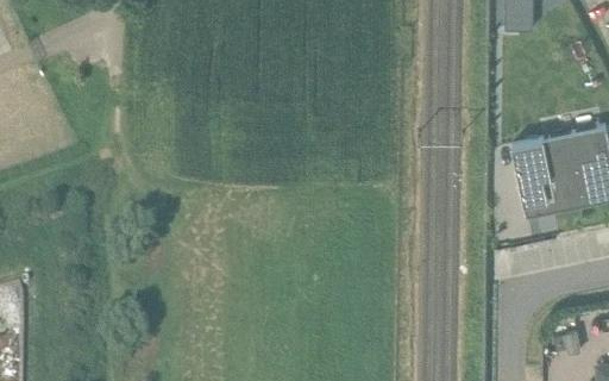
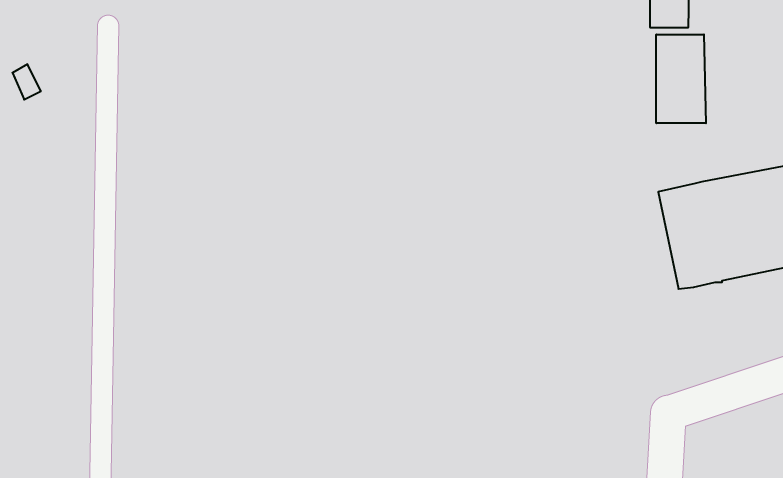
building: none -> [656,34,706,123]

